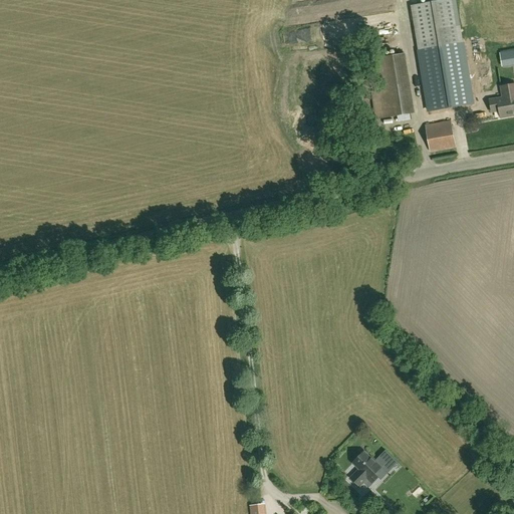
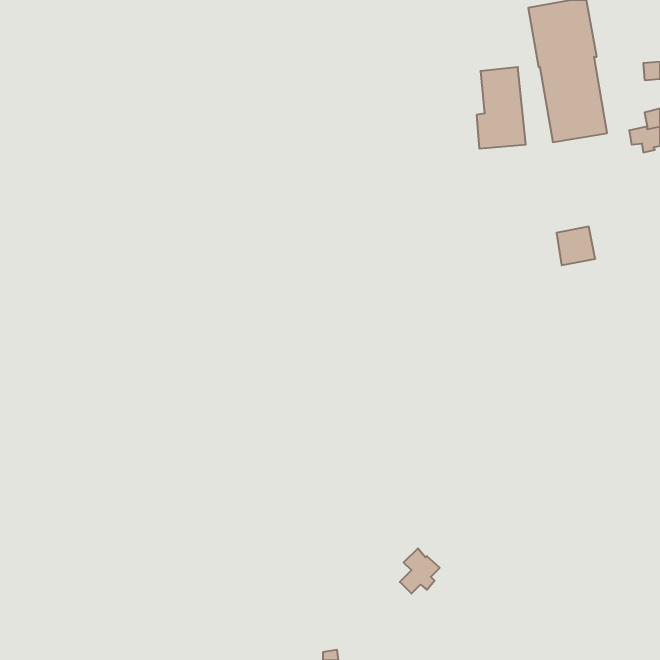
building: [426,121,456,152] -> [556,227,595,265]
building: [350,452,381,487] -> [400,548,440,594]

